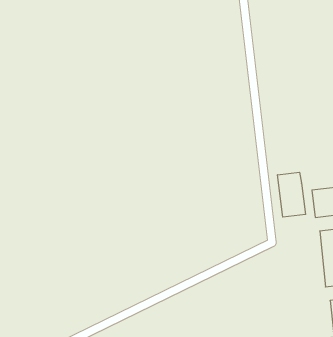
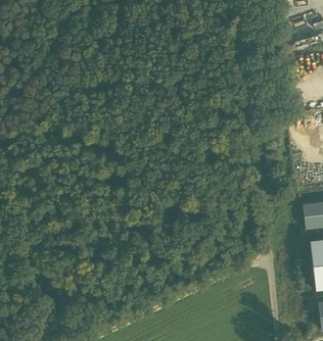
building: [278,172,306,217] -> none

